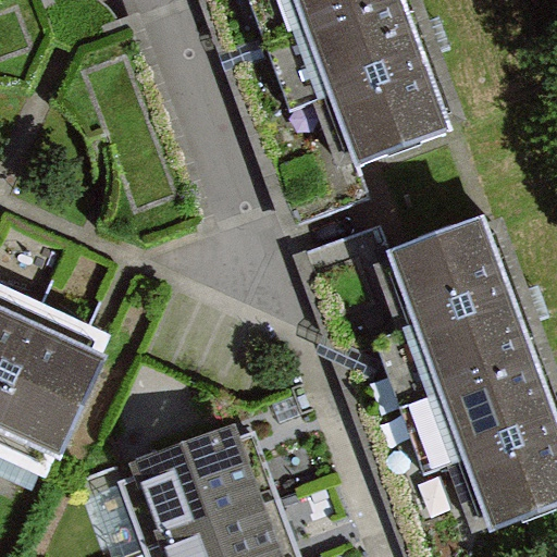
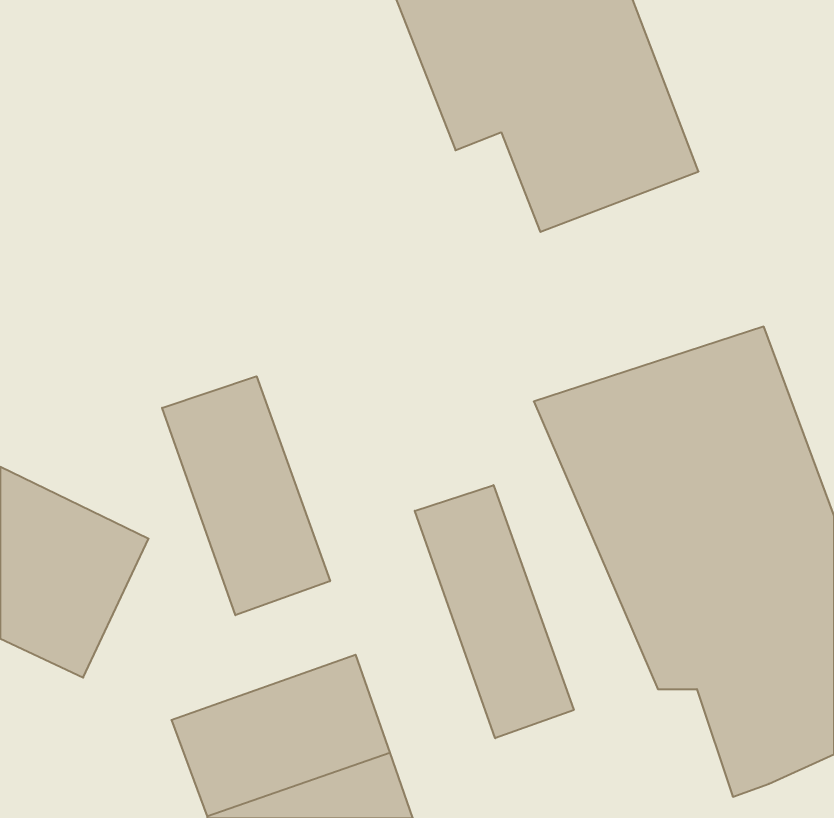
building: none -> [162,376,330,615]
building: none -> [415,485,574,738]

